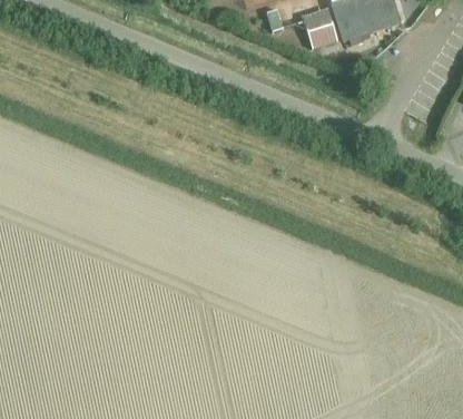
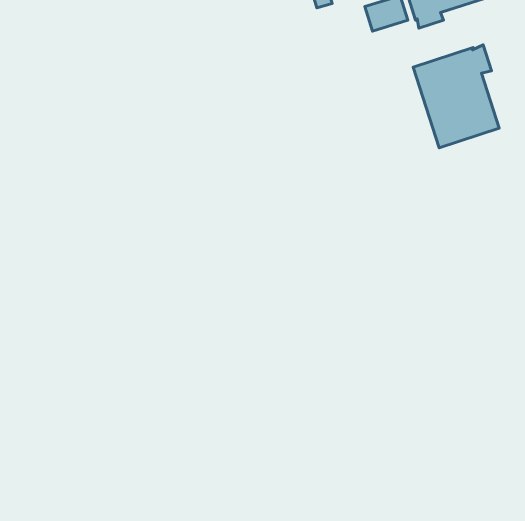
building: none -> [413,45,499,148]

